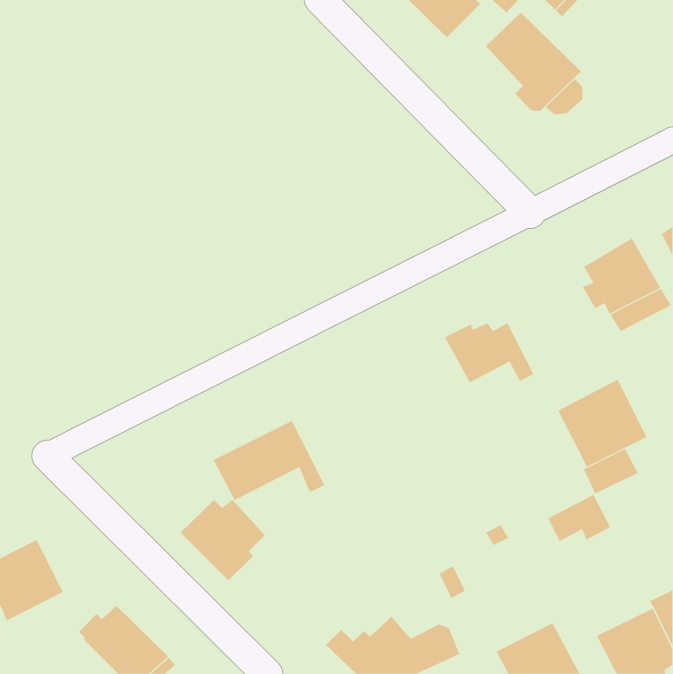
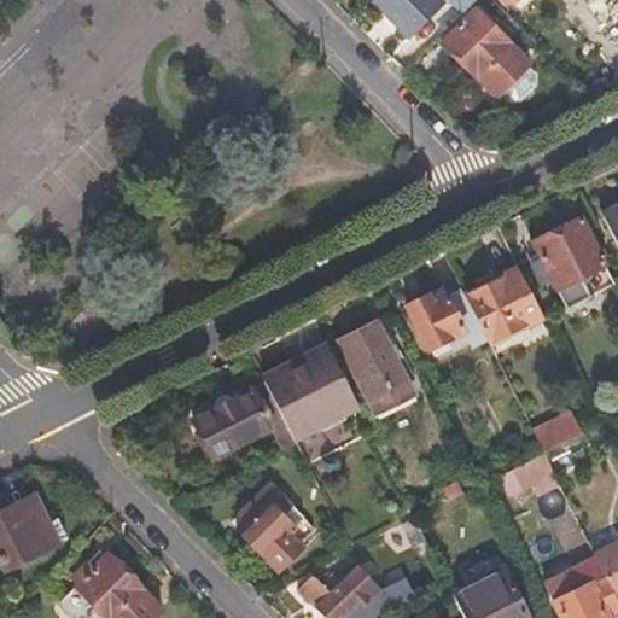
building: none -> [339,321,415,412]
building: [557,379,647,467] -> [462,263,544,344]
building: none -> [267,348,357,438]
building: [180,499,266,581] -> [237,495,315,570]

